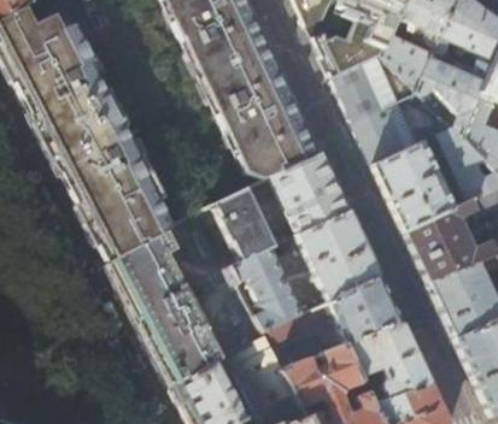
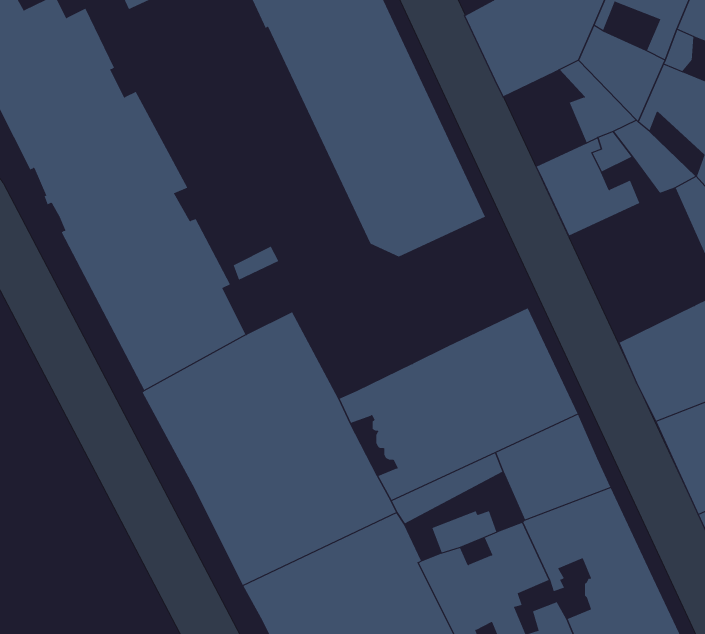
building: [333,63,385,122] -> none
building: [374,142,453,231] -> none
building: [263,153,348,234] -> none
building: [213,187,276,261] -> none

